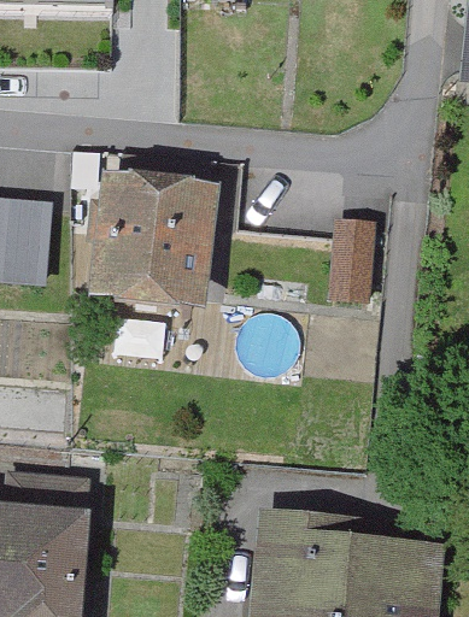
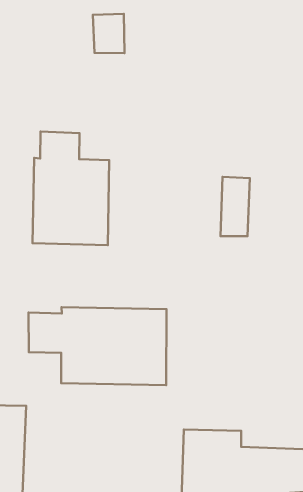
building: none -> [29,307,166,385]

